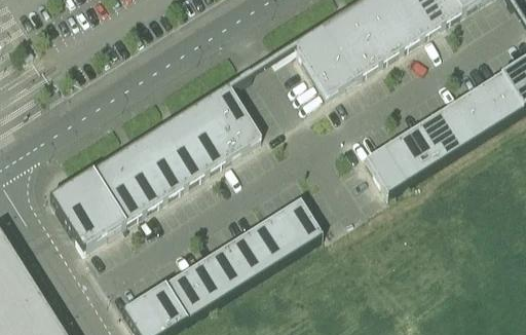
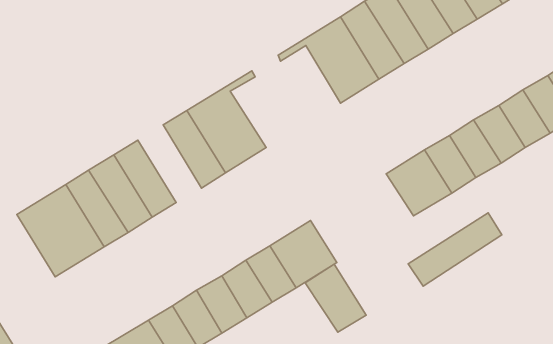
building: [152,115,206,182] -> none
building: none -> [408,213,502,286]
building: none -> [305,264,366,332]

